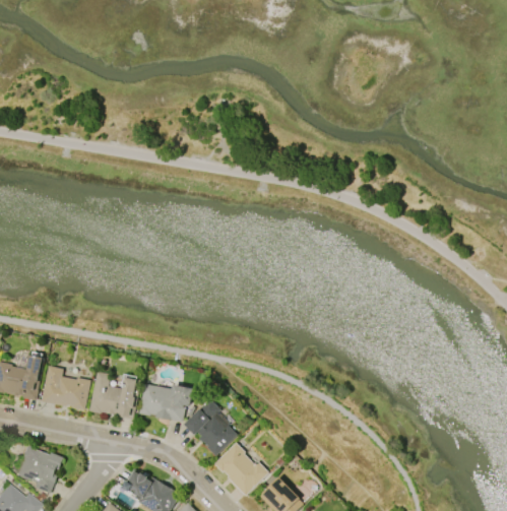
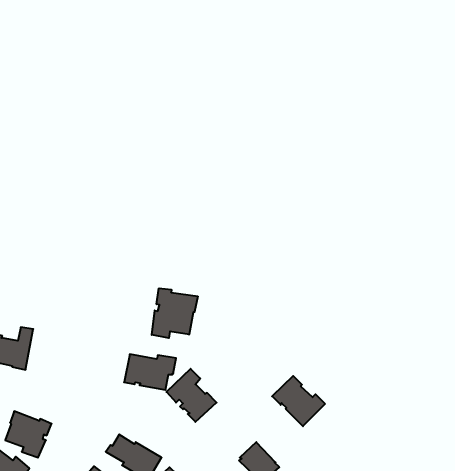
building: none -> [152,288,198,338]
building: [40,366,90,409] -> none
building: [88,371,140,419] -> none
building: [212,442,268,495] -> [272,376,325,426]

